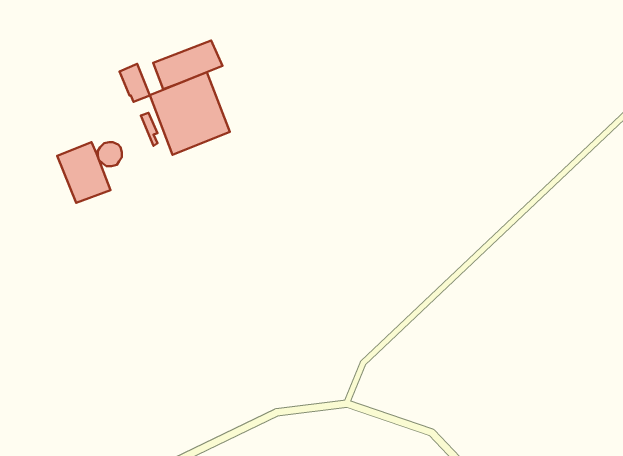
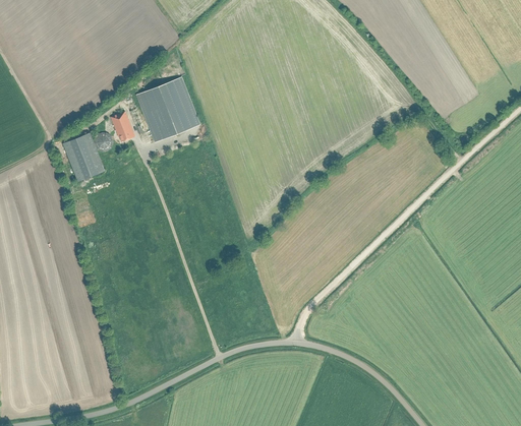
building: [153,40,223,89] -> none
building: [119,64,150,102] -> [110,111,134,141]

